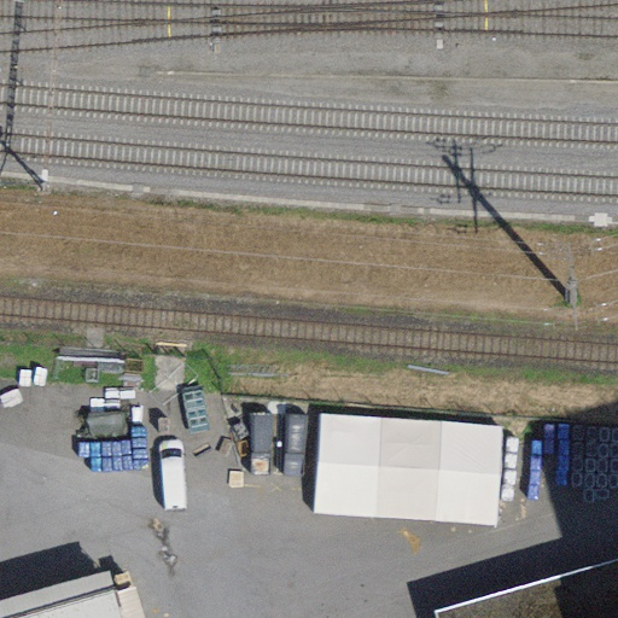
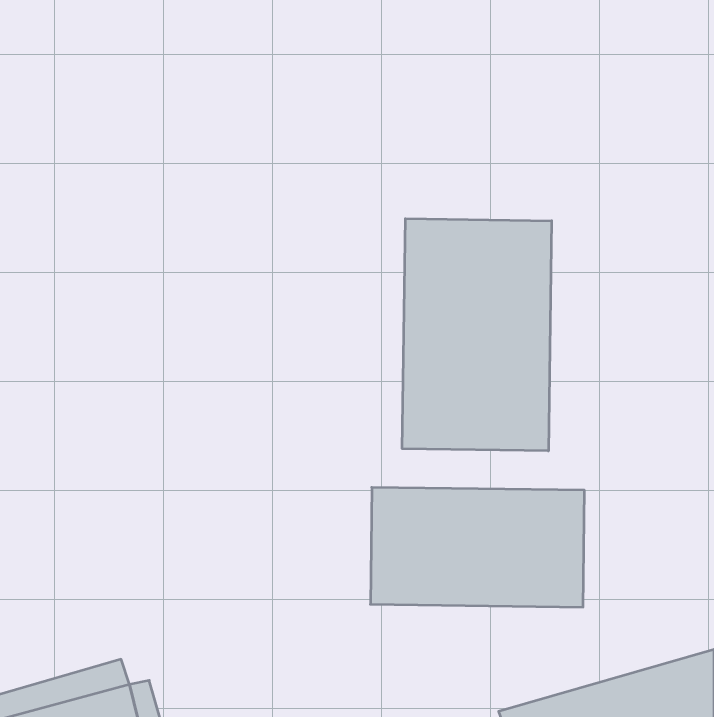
building: none -> [402,219,552,451]

